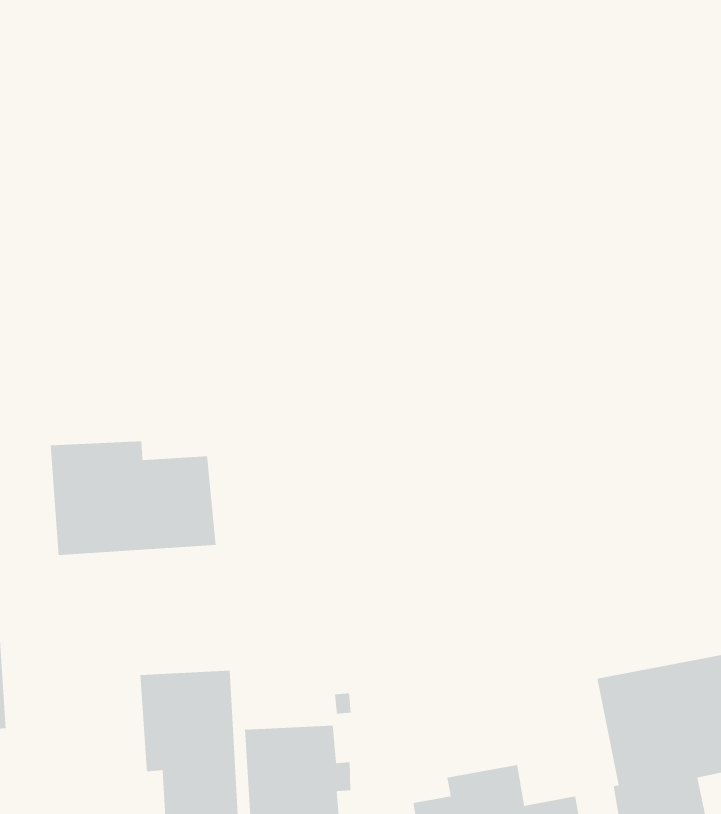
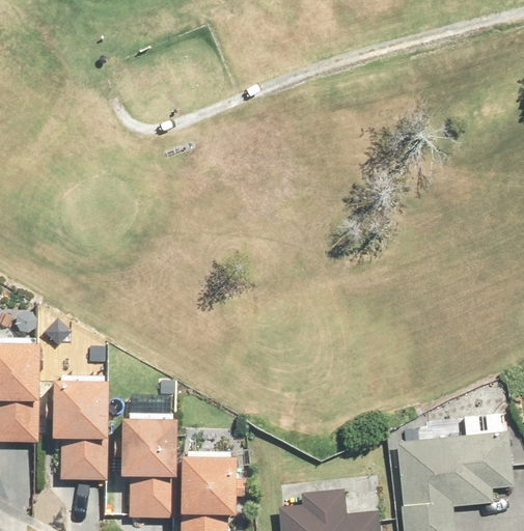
building: [50,441,216,556] -> none
building: none -> [52,379,109,480]

